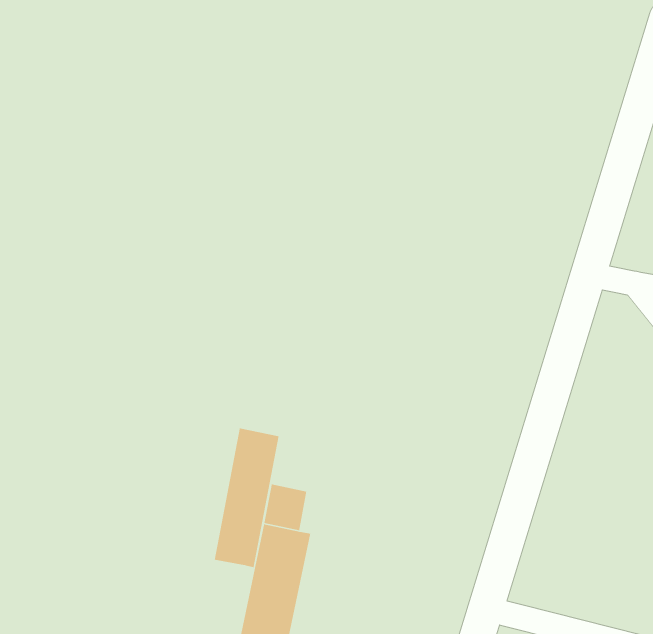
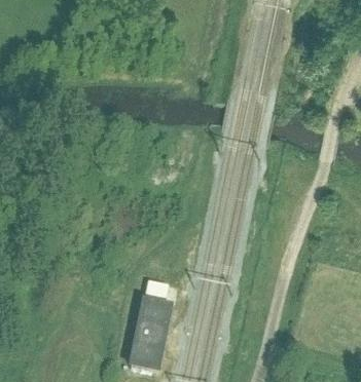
building: [214,428,279,568] -> none

